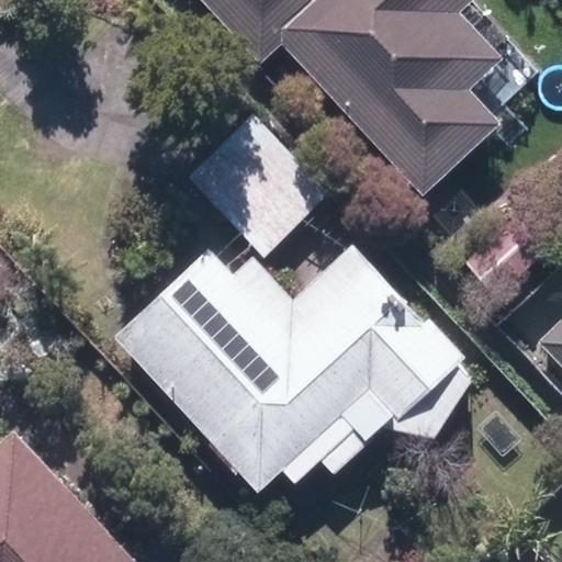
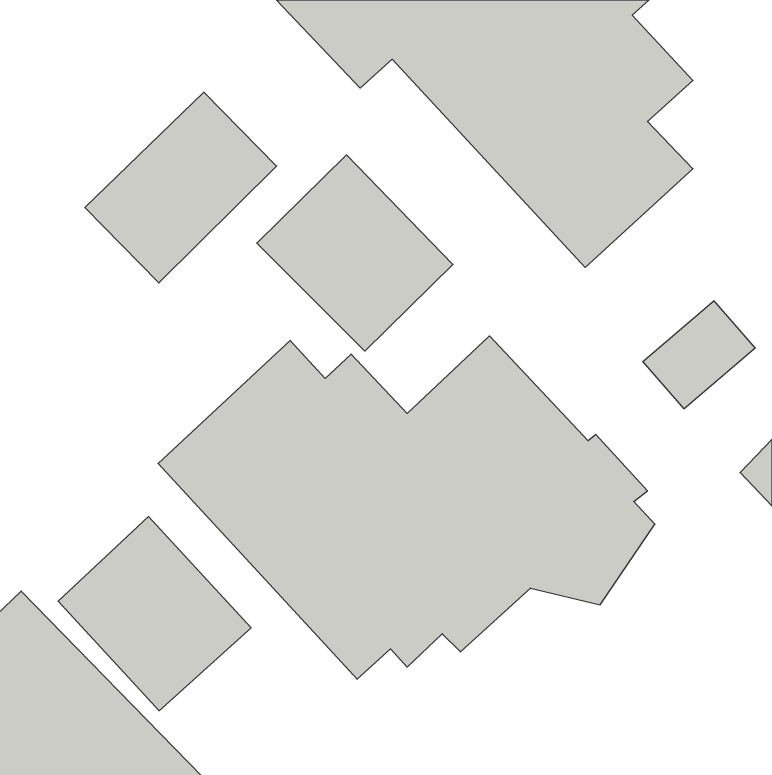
building: none -> [85,92,277,283]
building: none -> [58,517,251,711]

